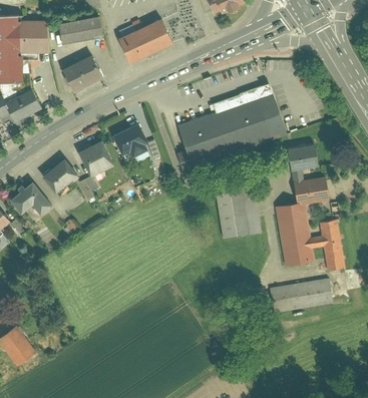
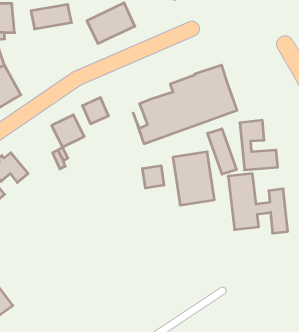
building: [55,53,100,93] -> none
building: none -> [207,129,236,174]
building: [44,158,81,192] -> none
building: none -> [142,166,164,188]
building: [270,279,331,314] -> none

